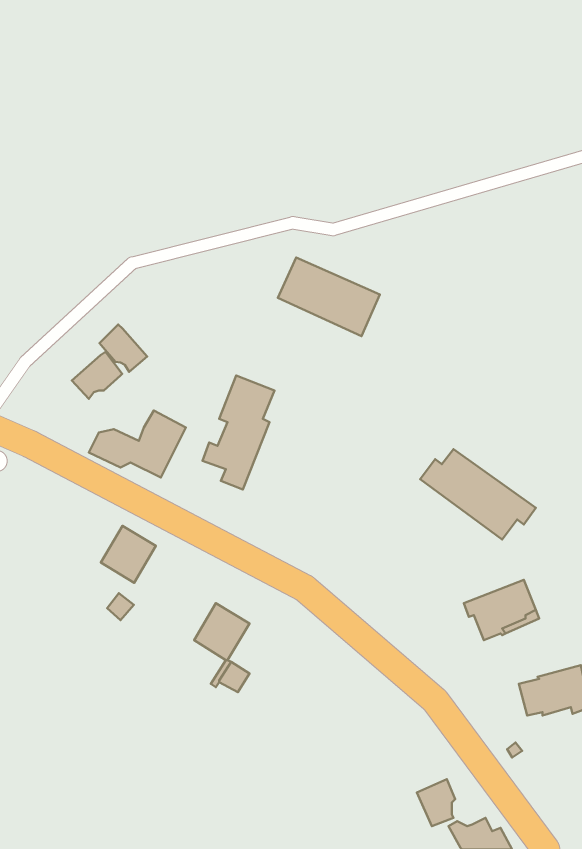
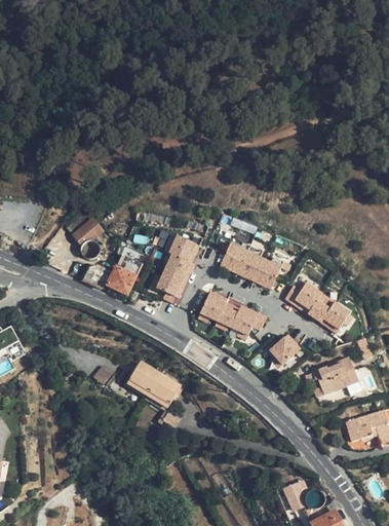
building: [278,258,380,336] -> [221,241,283,290]
building: [100,324,147,372] -> none
building: none -> [198,291,268,339]
building: [101,526,156,583] -> [127,361,161,396]
building: none -> [266,334,305,373]

